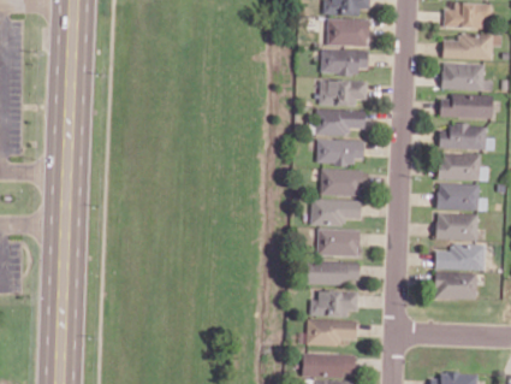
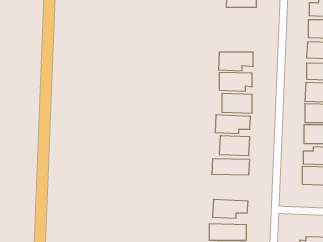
building: [321,49,368,75] -> none
building: [319,79,367,106] -> none
building: [310,290,357,317] -> none

